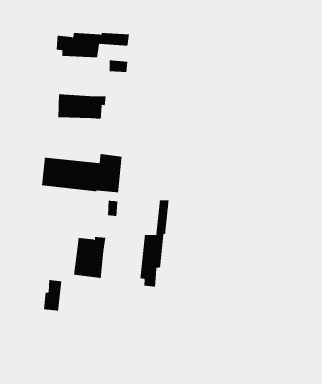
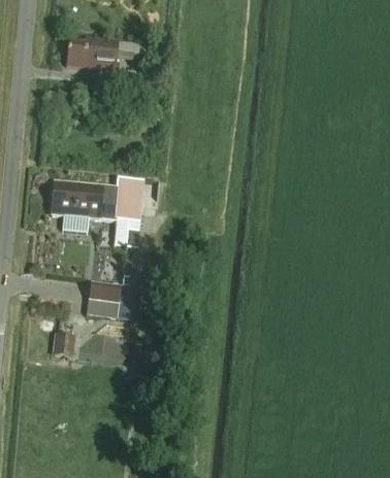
building: [58,94,106,120] -> none
building: [140,199,169,287] -> none

